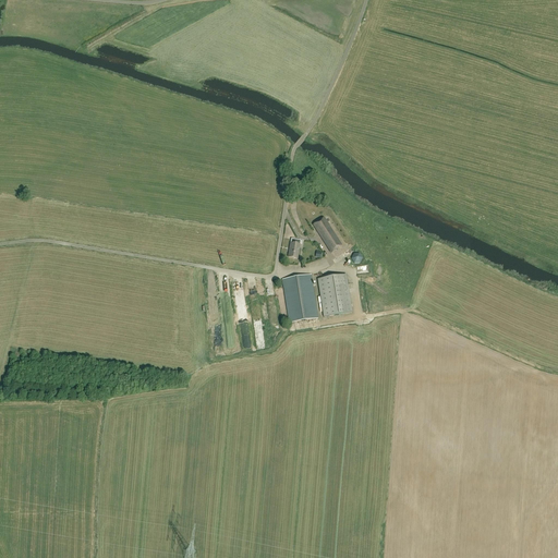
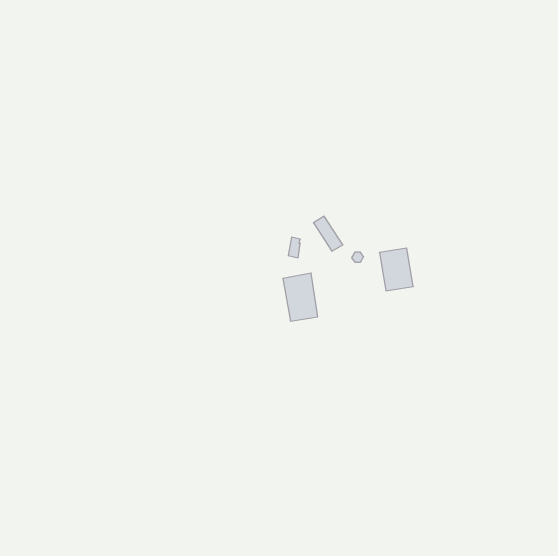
building: [317,272,351,315] -> [379,248,413,291]

